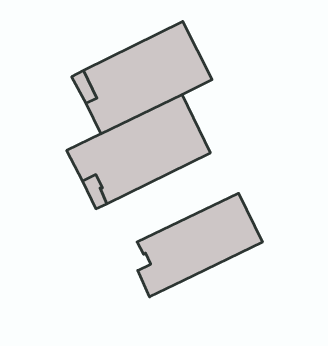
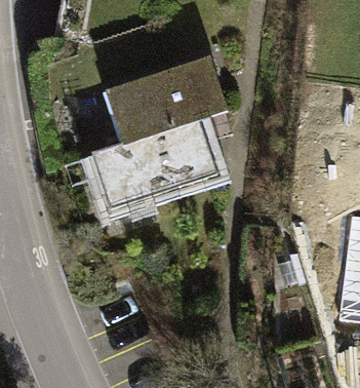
building: [137,193,262,297] -> none

